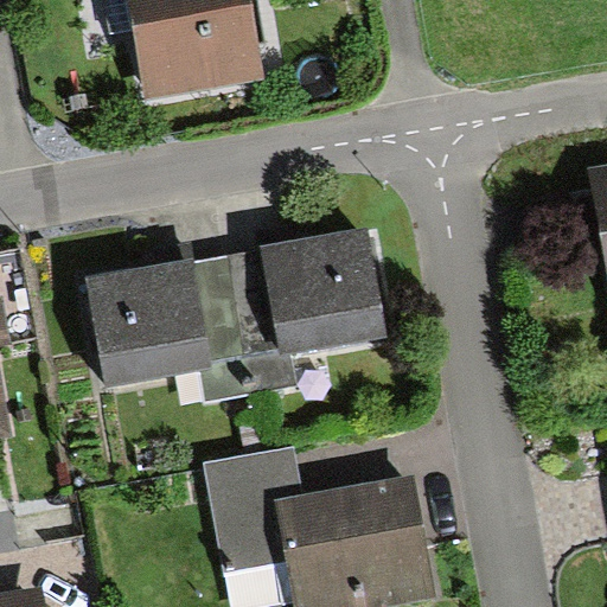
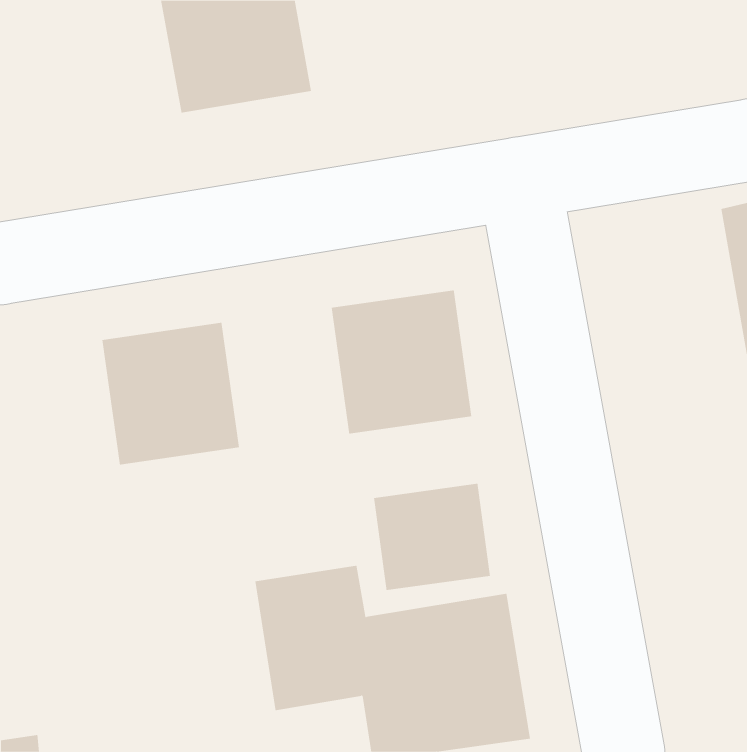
building: [183,248,289,388] -> none
building: none -> [374,483,491,591]

